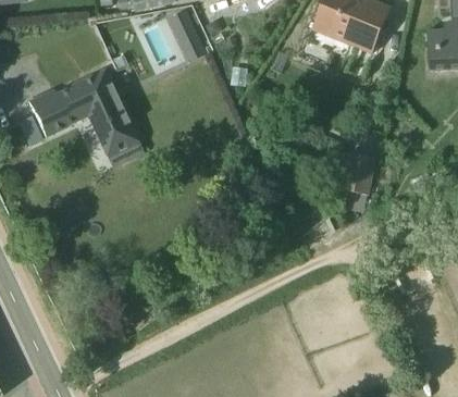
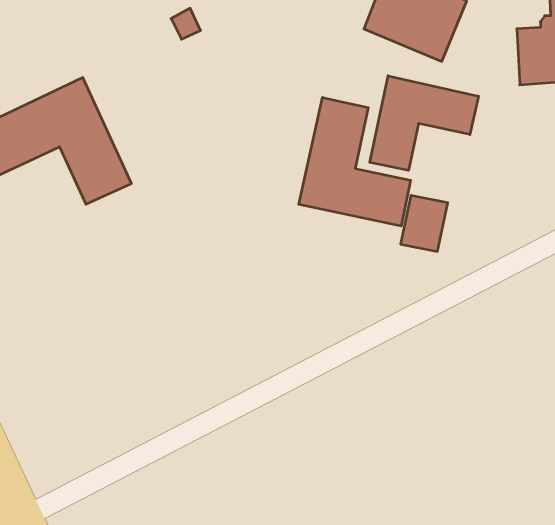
building: none -> [370,76,478,170]
building: none -> [299,97,411,226]

